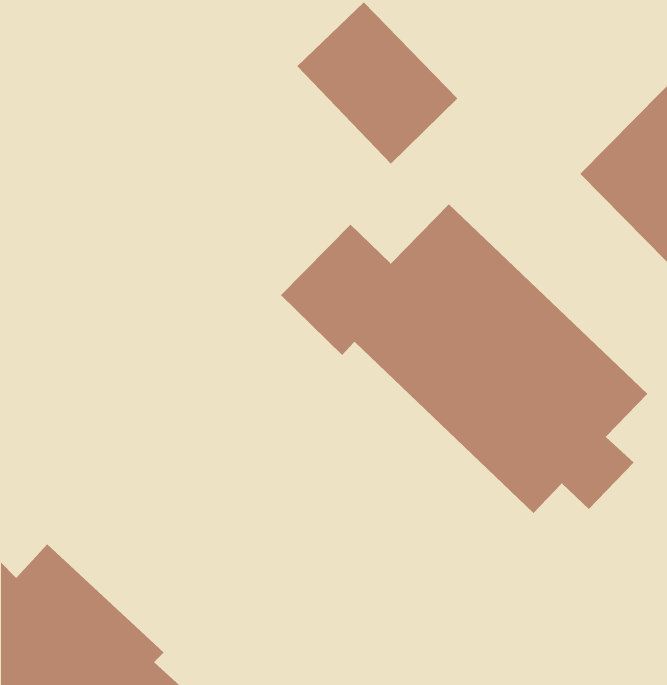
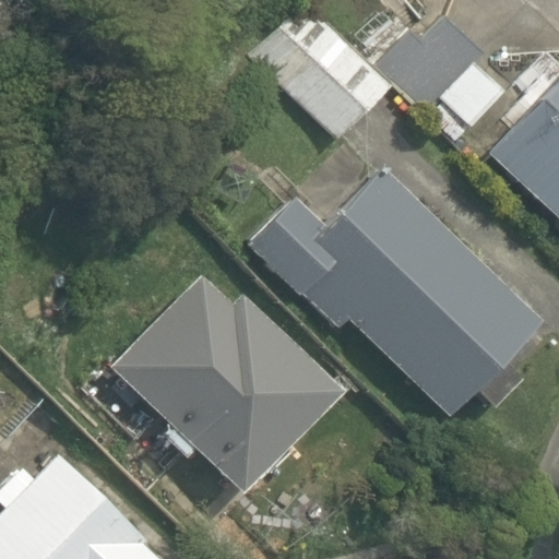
building: none -> [384,20,504,141]
building: none -> [111,273,329,489]

